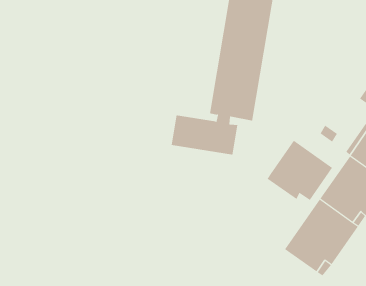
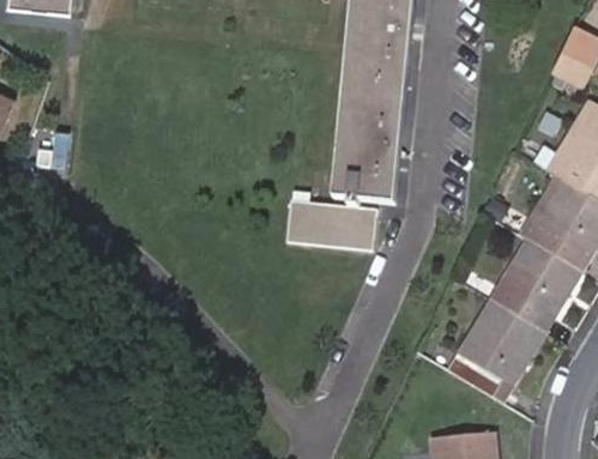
building: [267,140,333,201] -> none

